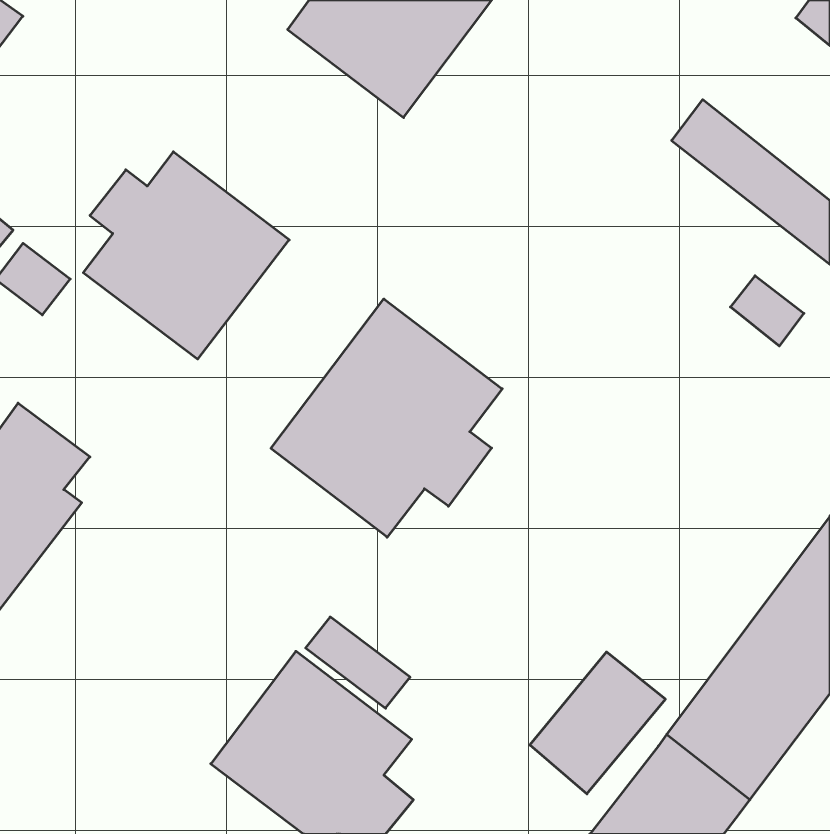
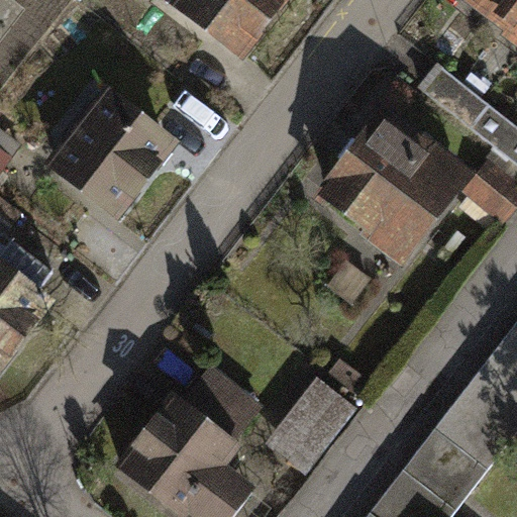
building: none -> [317,102,450,236]
building: [271,299,502,537] -> none
building: [530,652,665,794] -> [273,385,356,473]

